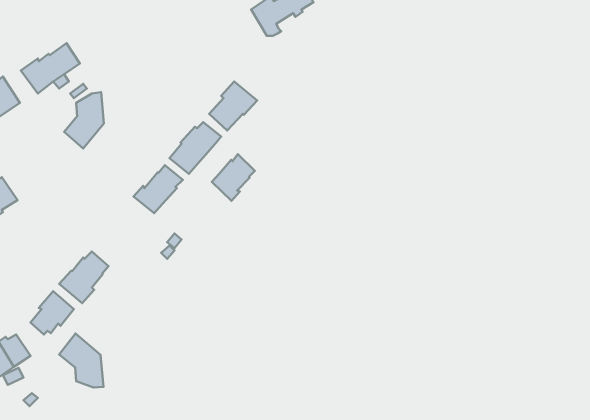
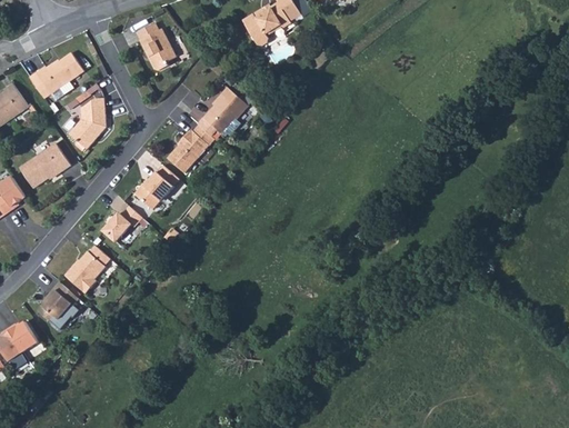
building: none -> [136,22,176,70]
building: none -> [19,142,70,188]
building: [212,154,255,201] -> none
building: none -> [102,206,141,241]
building: [59,334,104,388] -> none

